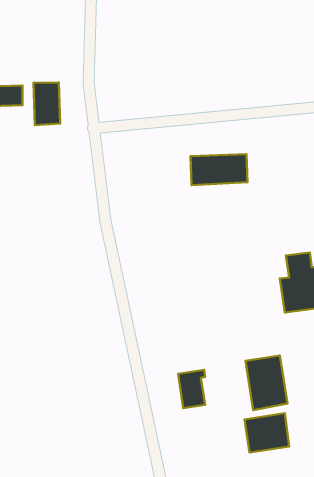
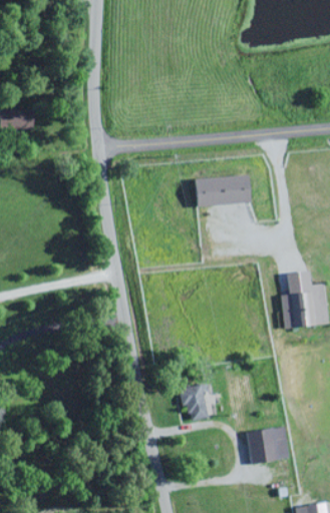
building: [33,83,60,125] -> none
building: [245,355,287,410] -> none

